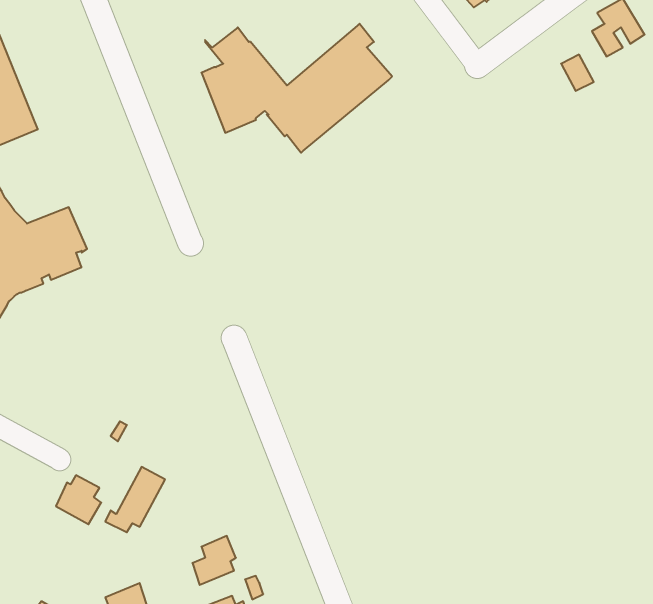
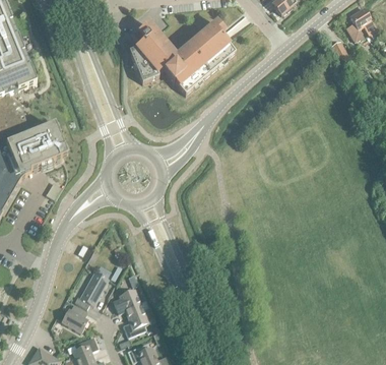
building: [56,475,101,524] -> [62,304,87,331]
building: none -> [113,289,142,315]

